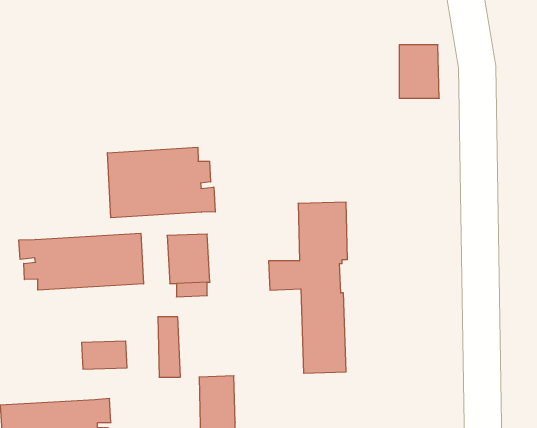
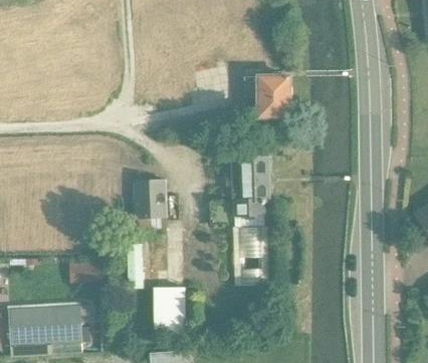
building: [399,45,439,98] -> [259,76,289,116]
building: [107,147,215,218] -> none
building: [19,233,144,290] -> none

